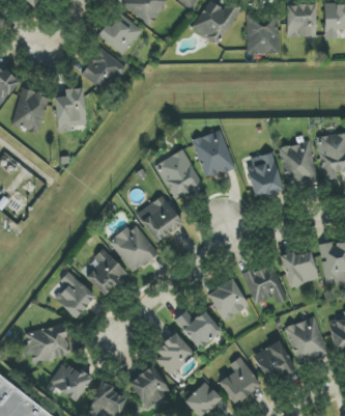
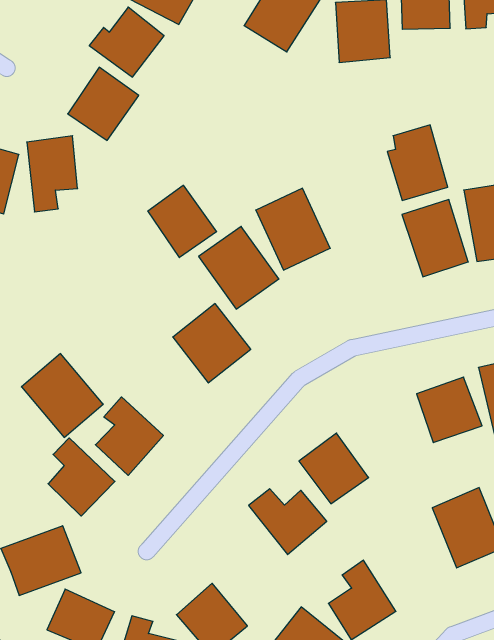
building: none -> [148,185,217,258]
building: [247,152,282,197] -> [387,125,448,200]
building: [109,222,157,273] -> [21,354,103,437]
building: [242,267,287,304] -> none
building: [153,332,195,373] -> none
building: [252,340,294,383] -> none

